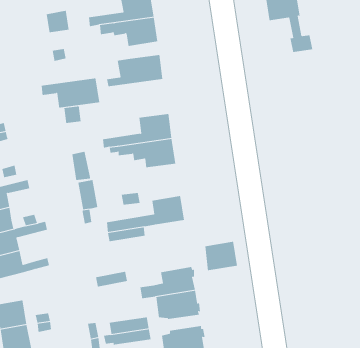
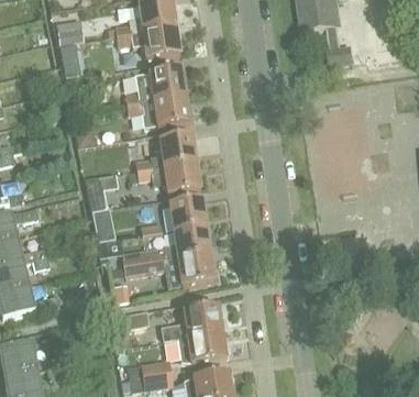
building: [41,78,100,108] -> [125,93,191,128]
building: none -> [169,196,207,229]
building: [204,241,238,271] -> [178,251,216,284]

